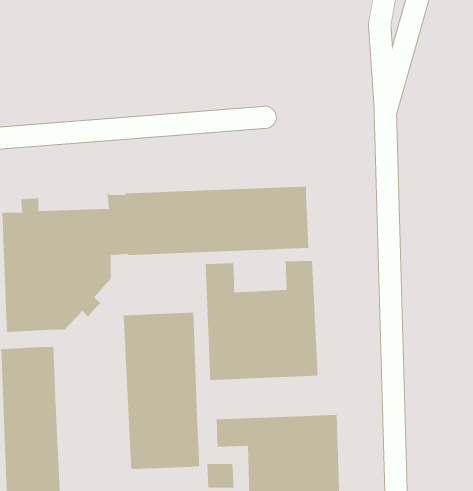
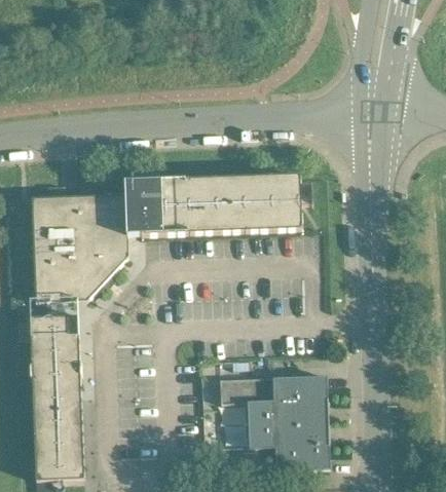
building: [205,260,318,381] -> none
building: [123,312,200,470] -> none

